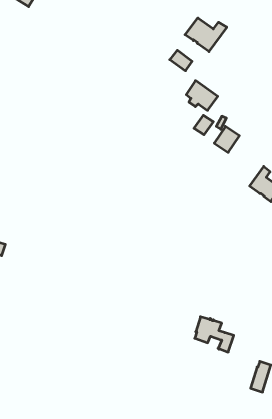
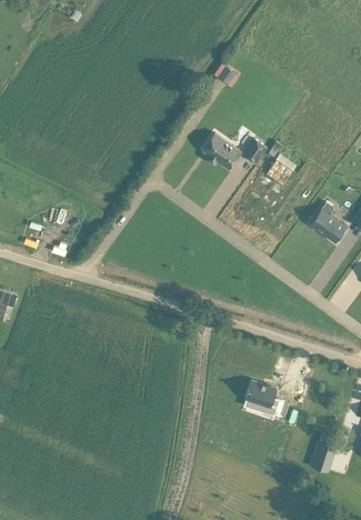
building: [185,18,227,52] -> none
building: [186,81,218,110] -> [202,132,240,168]

